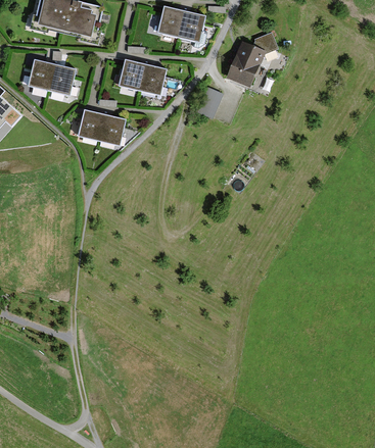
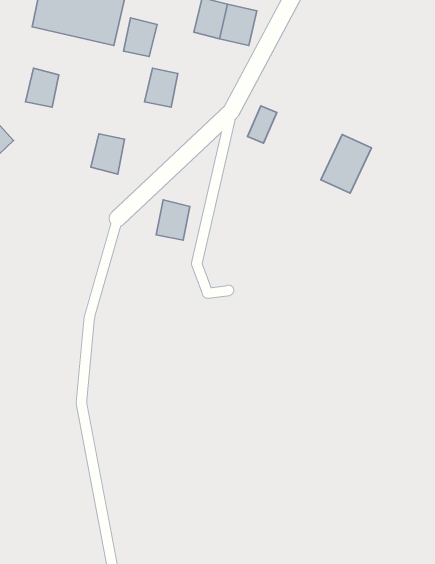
building: [228,40,267,85] -> [321,134,372,193]
building: [140,63,166,93] -> [124,18,157,57]
building: [49,64,75,94] -> none
building: [99,113,125,144] -> [156,200,190,240]

